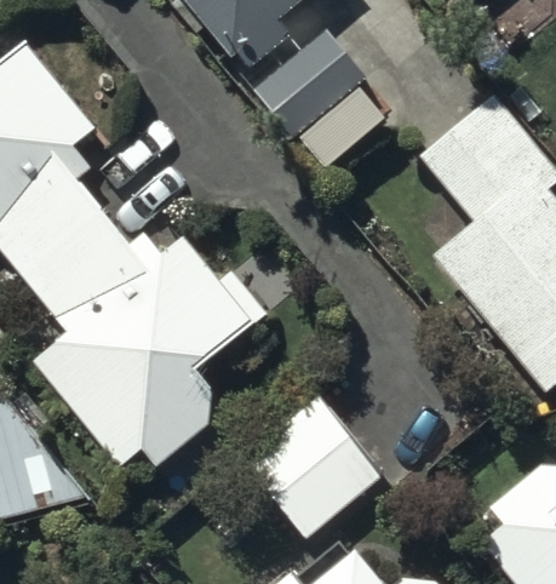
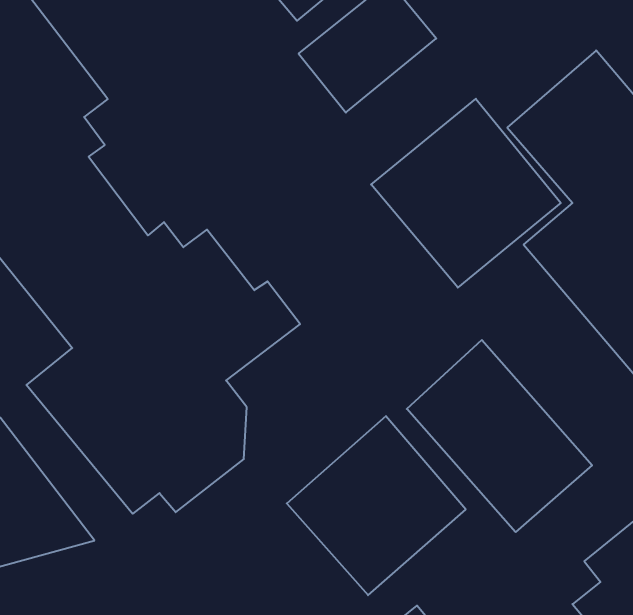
building: none -> [371,99,561,288]
building: none -> [407,340,592,532]

